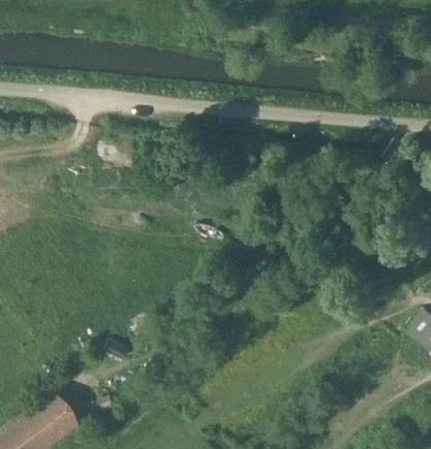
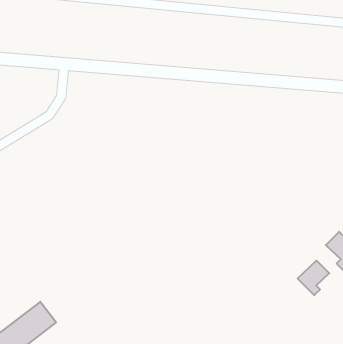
building: none -> [298,261,329,295]

